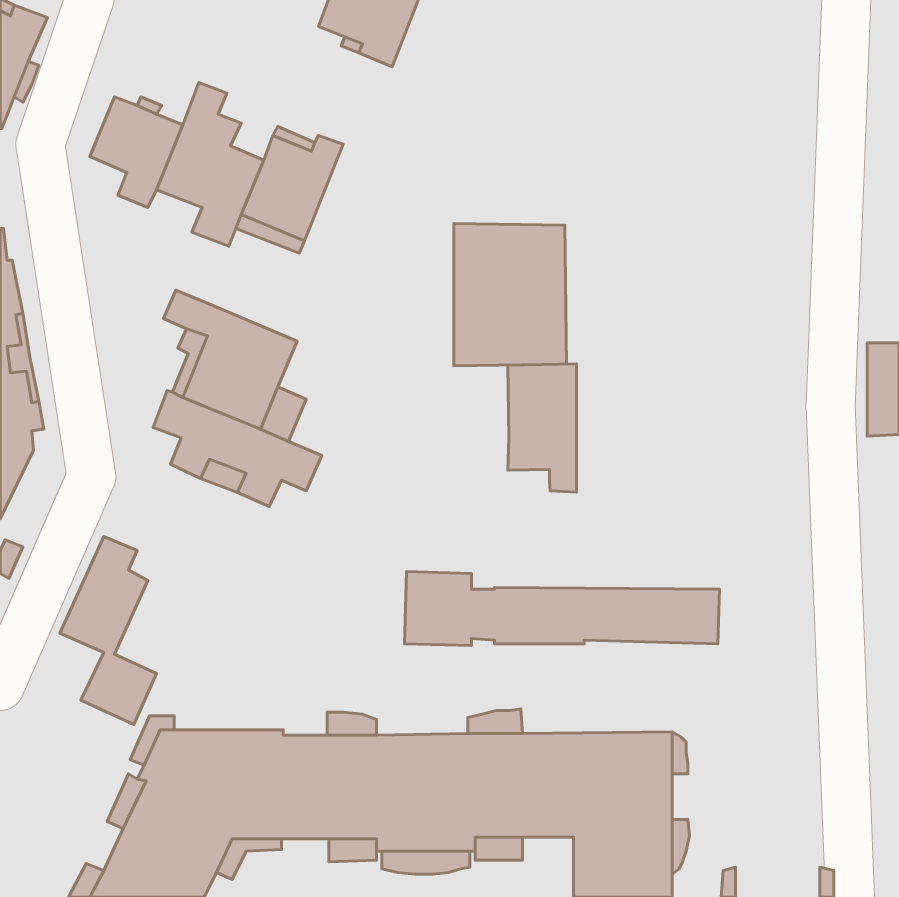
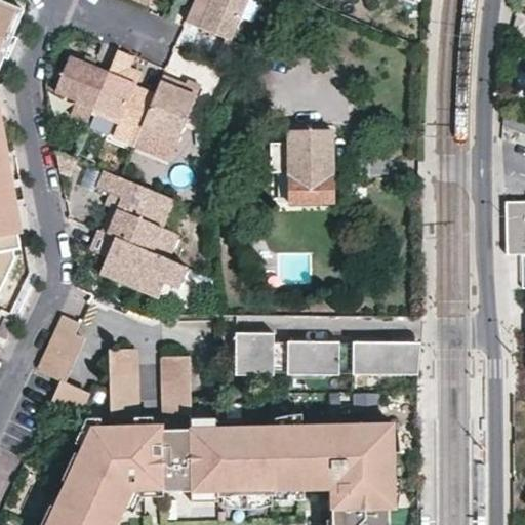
building: [508,364,576,492] -> none
building: none -> [109,348,140,400]
building: none -> [161,355,191,397]

